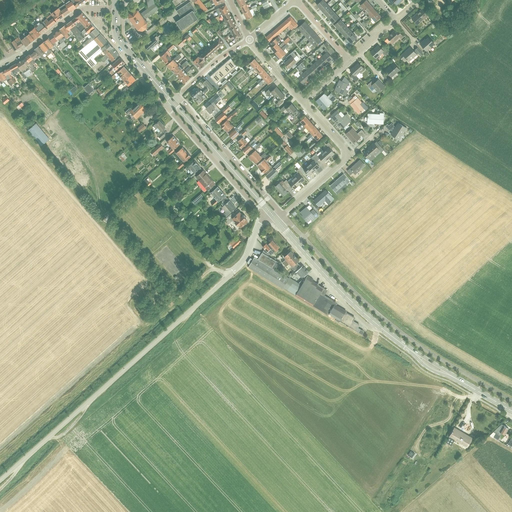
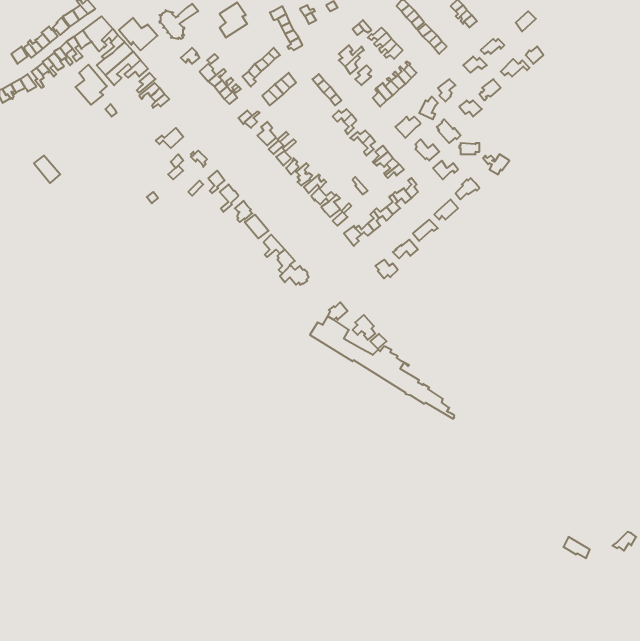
building: none -> [119,18,158,50]
building: none -> [75,65,107,105]

